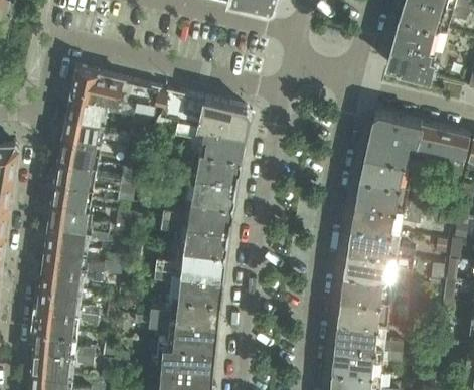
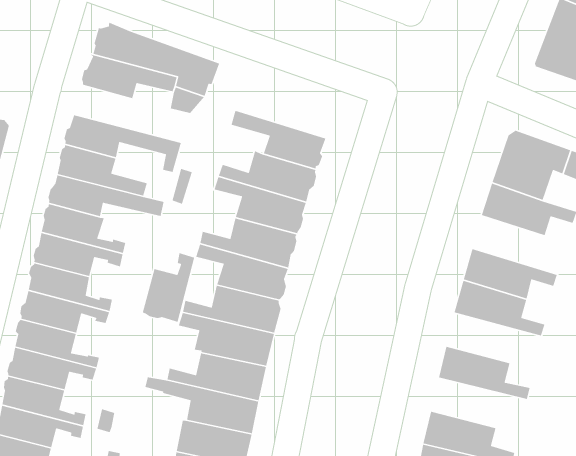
building: [159,88,250,134] -> none
building: [60,115,144,148] -> none
building: [356,177,422,213] -> none
building: none -> [142,252,195,323]
building: [345,248,413,279] -> none
building: [339,296,408,327] -> none

